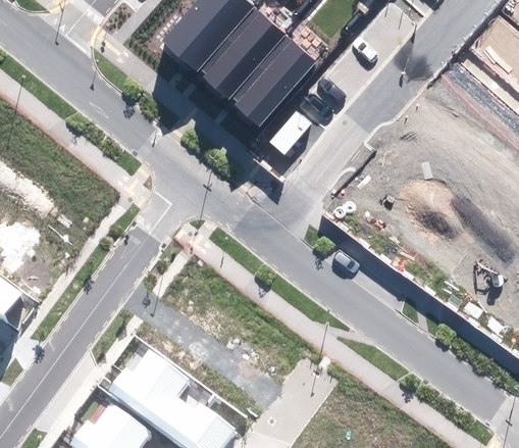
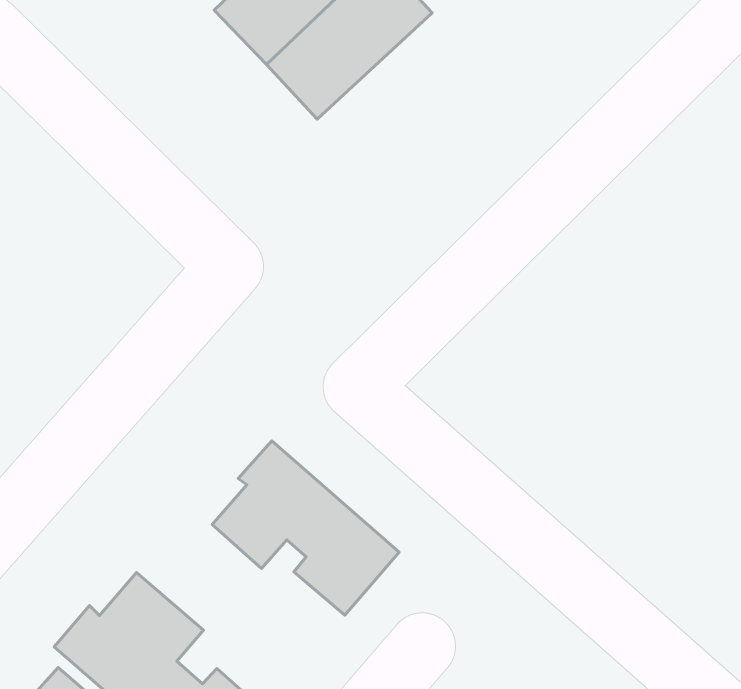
building: [227,27,317,119] -> none
building: none -> [212,441,399,615]

